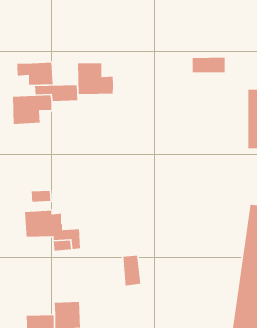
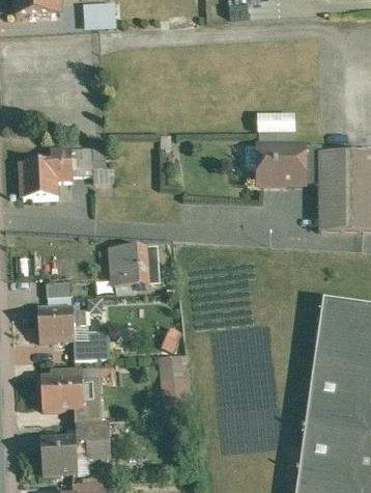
building: [16,62,54,86] -> none
building: [77,63,114,95] -> none
building: none -> [258,144,321,184]
building: none -> [112,245,159,285]
building: none -> [40,369,101,420]

